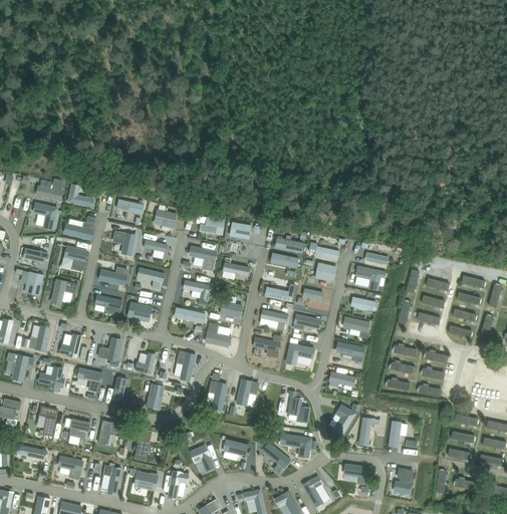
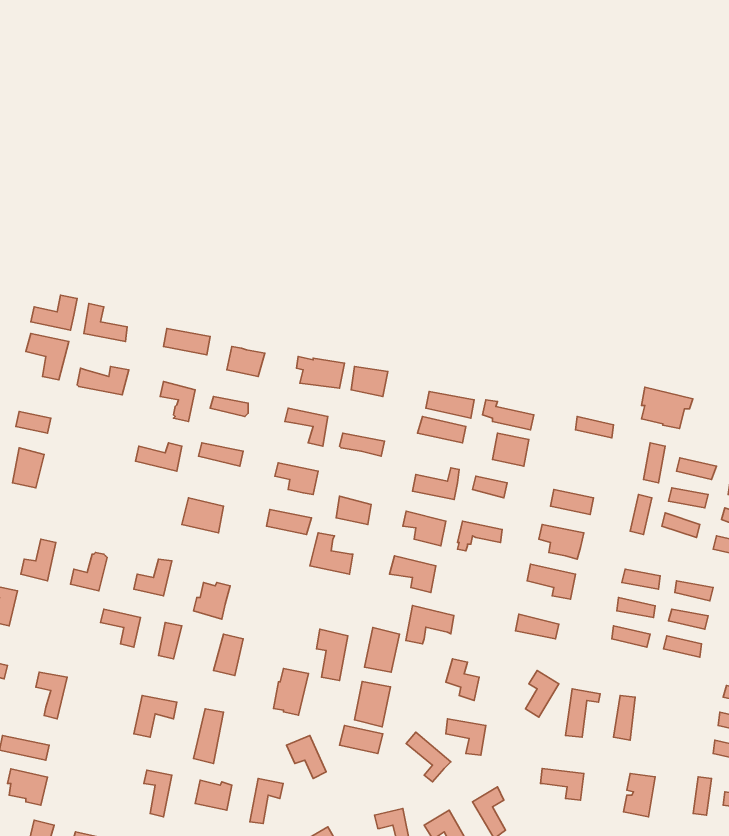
building: [63,245,87,270] -> none
building: [354,265,386,290] -> [641,387,693,429]
building: [50,279,78,304] -> none
building: [94,294,122,316] -> none
building: [285,342,314,365] -> [406,606,454,644]
building: [174,351,195,379] -> [274,669,308,715]
building: [37,365,65,393] -> none
building: none -> [354,681,391,727]
building: [64,418,90,445] -> none
building: [58,457,82,479] -> [8,769,47,805]

